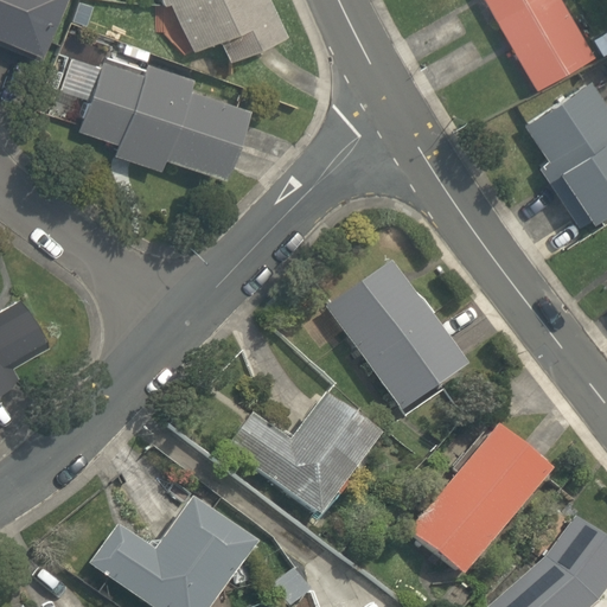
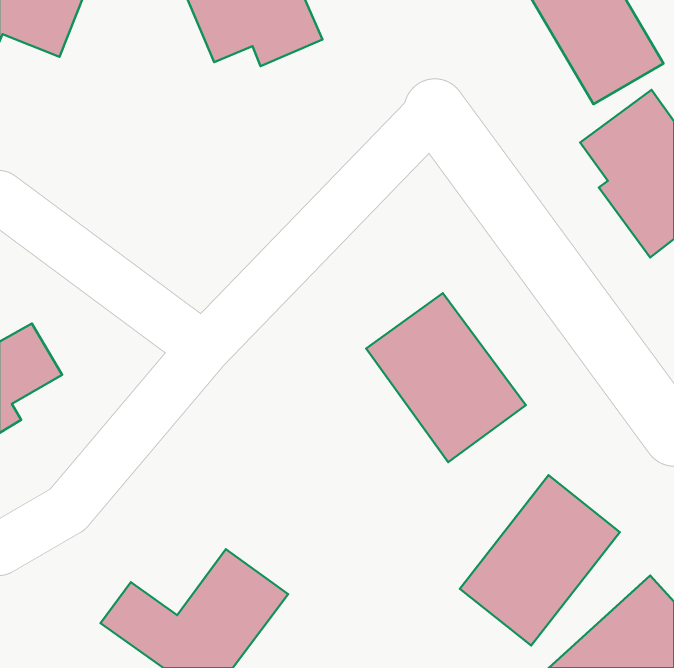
building: [78,56,255,179] -> none
building: [224,395,384,522] -> none

